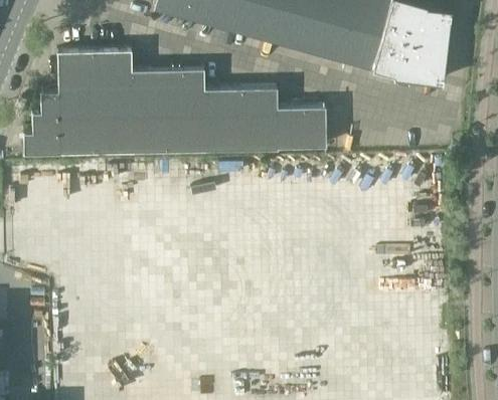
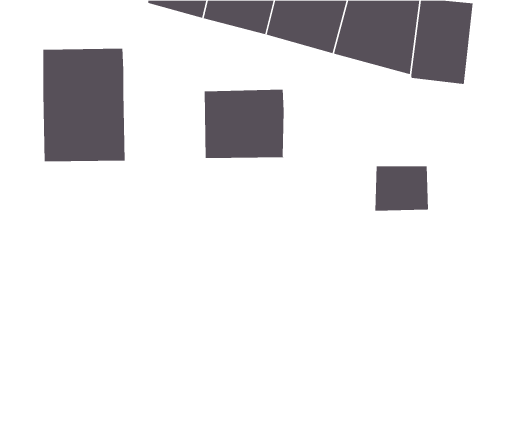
building: [132,69,205,153] -> none
building: [23,91,58,155] -> none
building: [277,108,326,149] -> [375,166,429,211]

